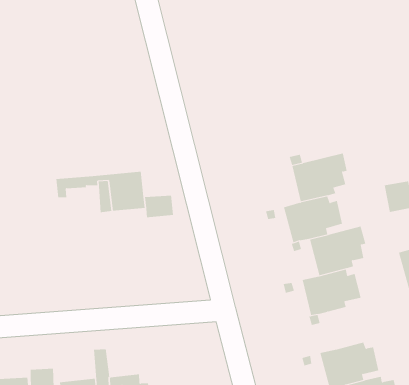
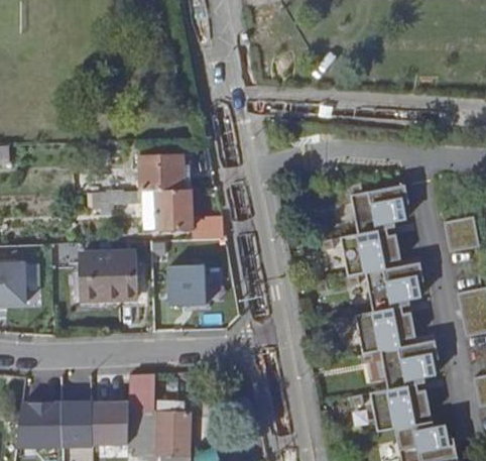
building: none -> [140,155,193,192]
building: none -> [81,253,143,291]
building: none -> [171,264,210,306]
building: none -> [379,338,438,388]

